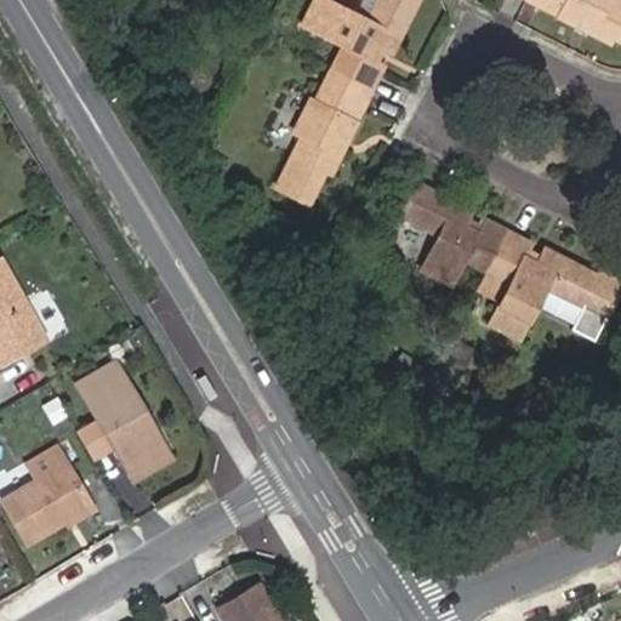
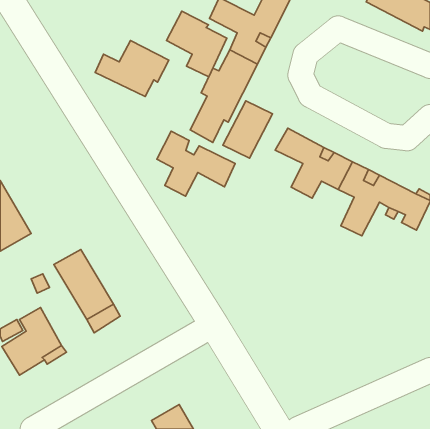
building: none -> [166,11,227,77]
building: none -> [95,40,169,97]
building: none -> [223,101,272,158]
building: none -> [157,131,235,196]

